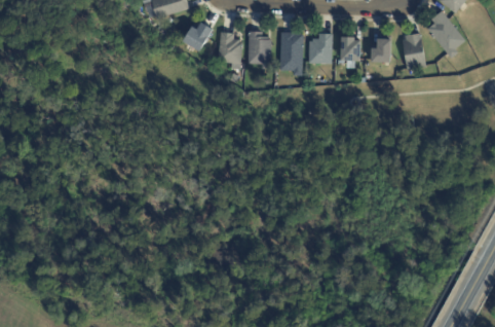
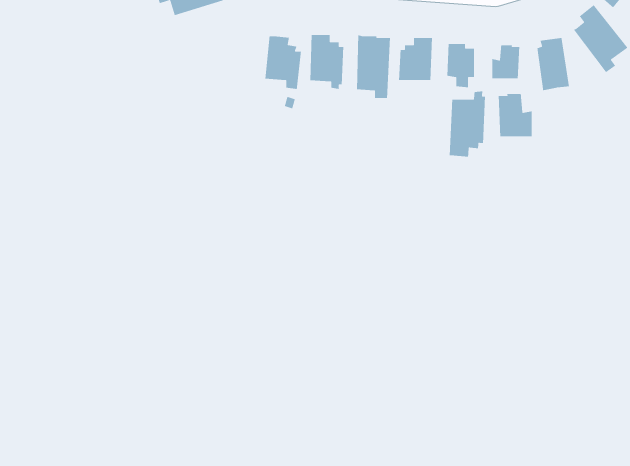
building: [184,23,212,50] -> none
building: none -> [449,90,486,157]
building: none -> [498,93,532,137]

